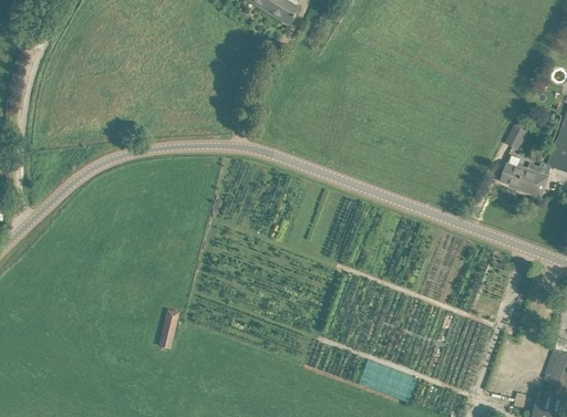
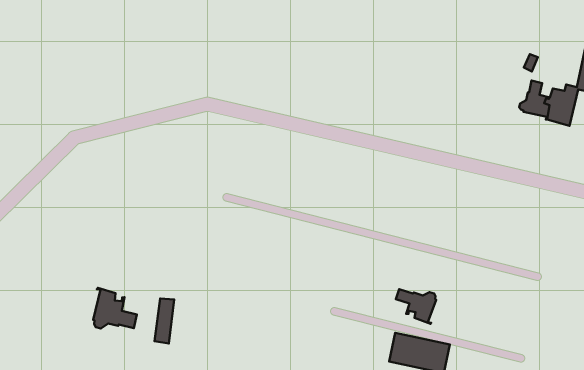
building: none -> [93,288,137,329]
building: none -> [396,289,436,324]

